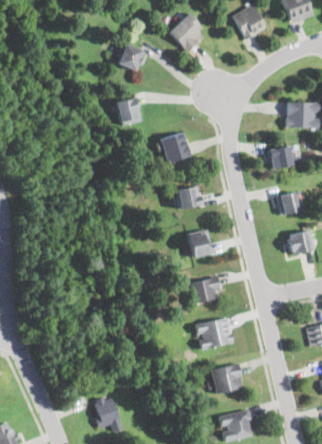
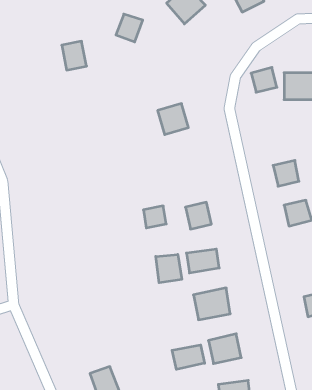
building: [116,96,141,125] -> [62,41,87,70]
building: [267,145,293,170] -> [251,67,277,92]
building: [177,188,200,210] -> [143,206,166,228]
building: none -> [156,254,182,283]
building: none -> [172,345,205,369]

